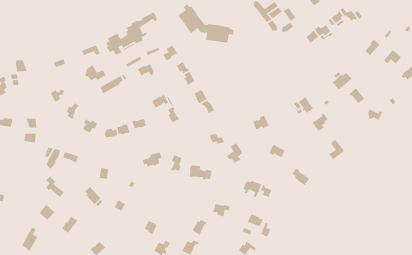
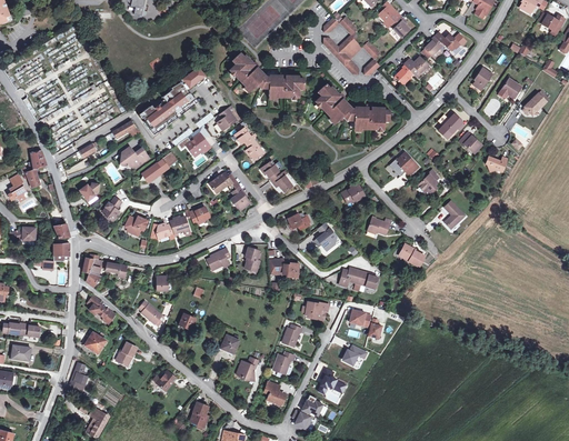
building: none -> [313,84,389,130]

